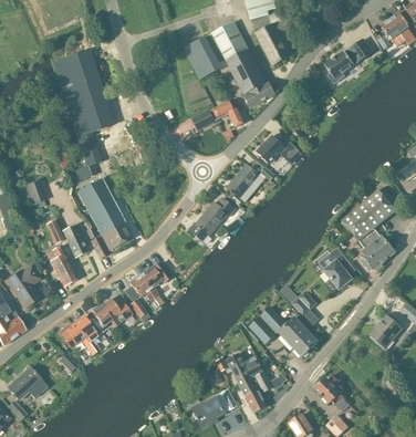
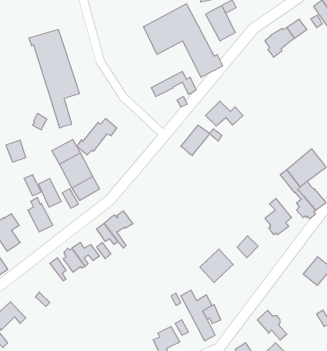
building: [189,198,236,240] -> [77,119,117,155]
building: [279,318,318,357] -> none
building: [60,323,96,356] -> none

